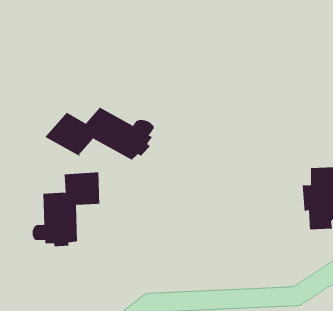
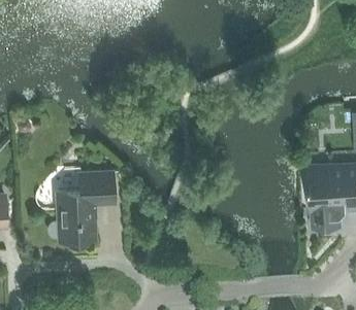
building: [44,107,154,161] -> none

